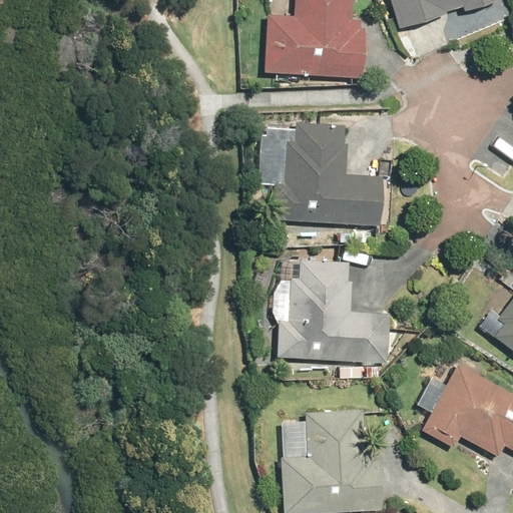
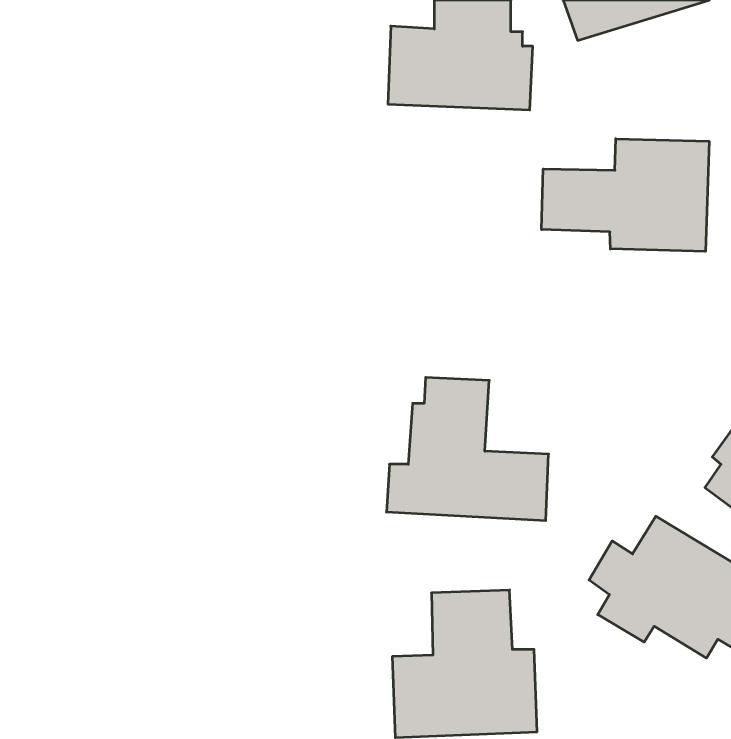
building: none -> [542,139,709,251]
building: [272,125,381,222] -> none

